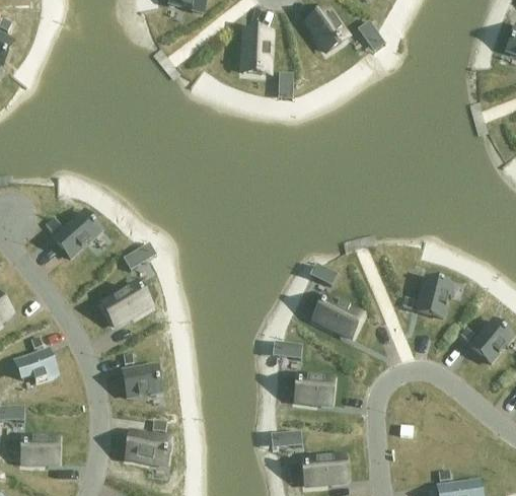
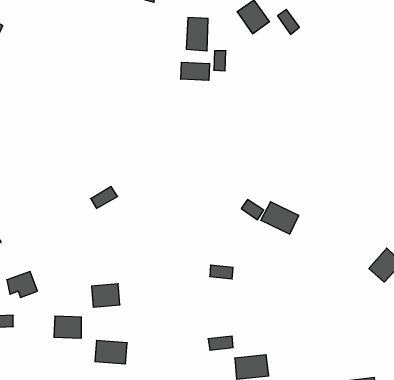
building: none -> [181,62,210,80]
building: [53,211,100,258] -> none
building: [417,278,450,317] -> none
building: [101,283,150,326] -> none
building: [313,296,361,337] -> [261,202,299,234]
building: [295,374,331,404] -> none
building: [22,436,57,464] -> [54,316,81,338]

